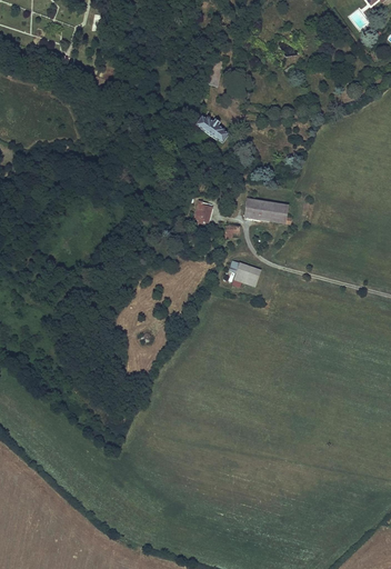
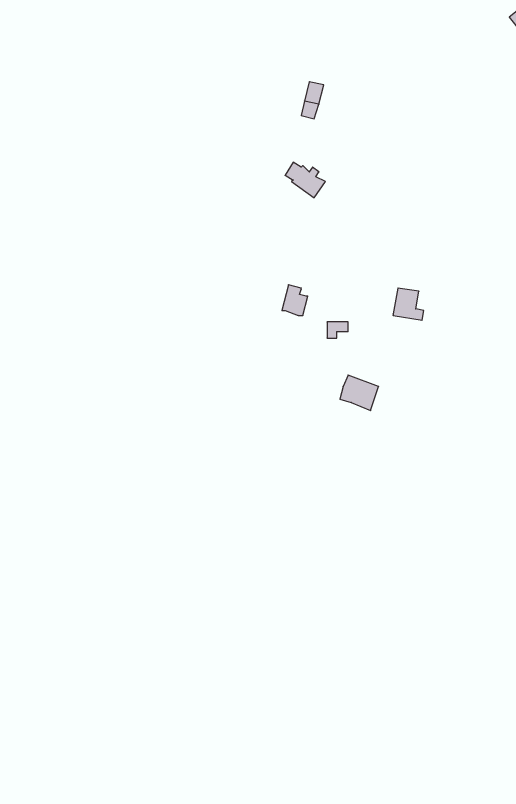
building: [244,198,274,220] -> none

